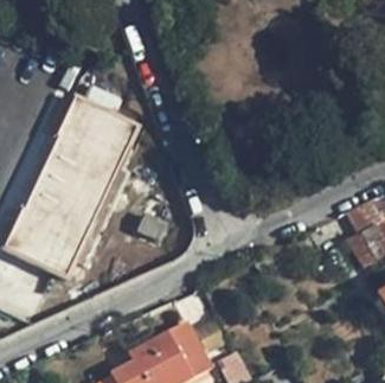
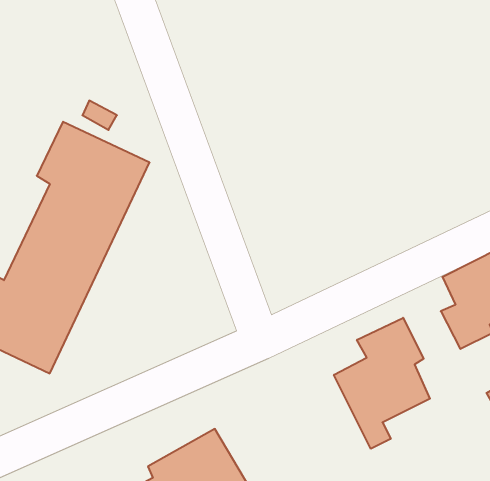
building: none -> [334,318,430,449]

